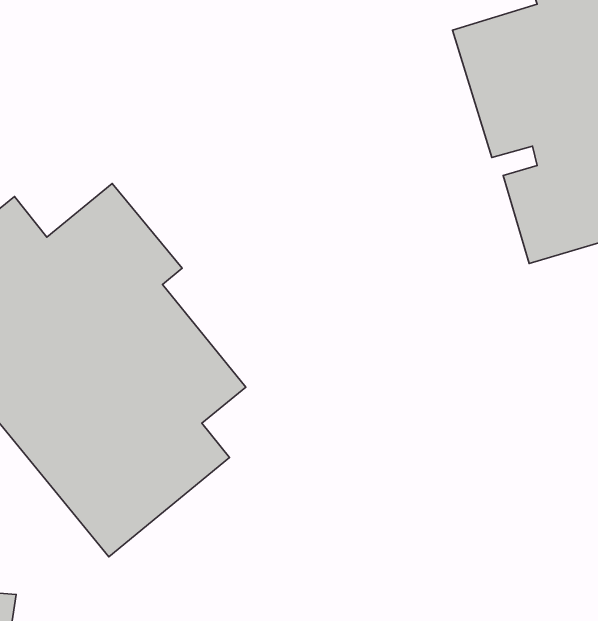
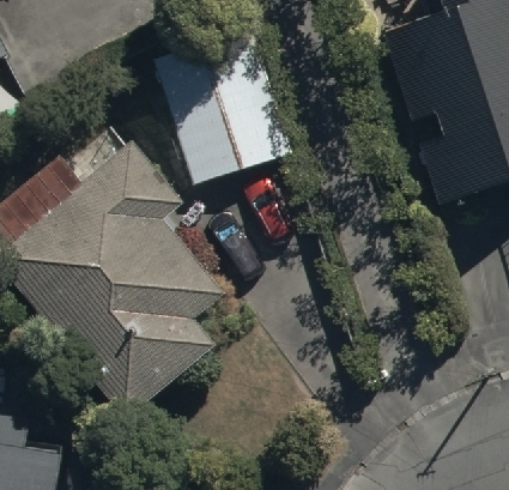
building: none -> [152,28,292,186]

